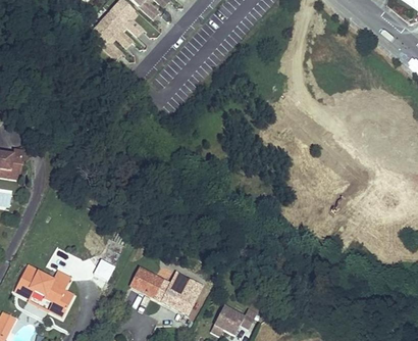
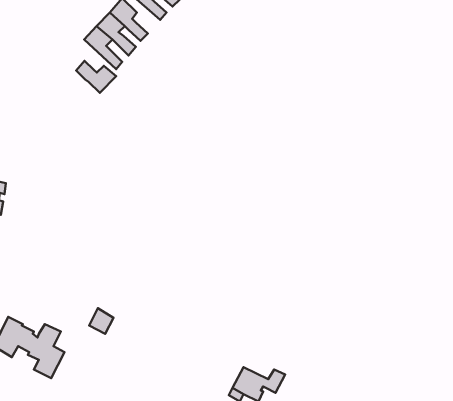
building: none -> [76,61,116,93]
building: [129,266,169,300] -> none
building: [168,278,201,313] -> none

